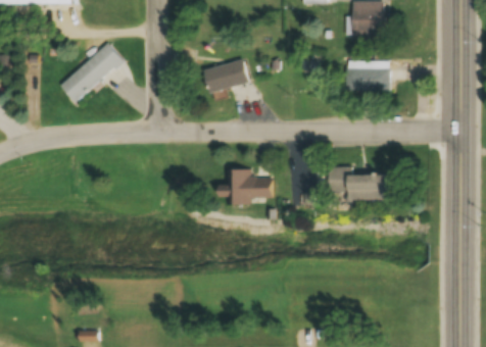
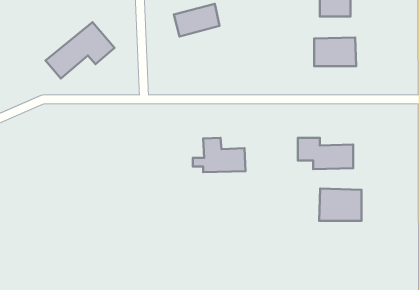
building: [199,59,248,94] -> [174,4,220,36]
building: none -> [319,189,361,221]

